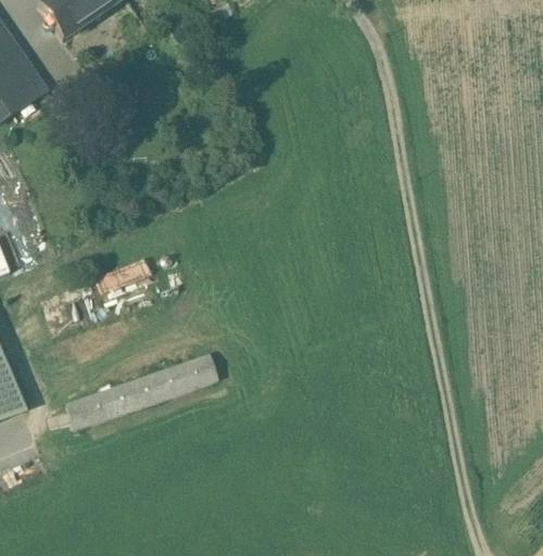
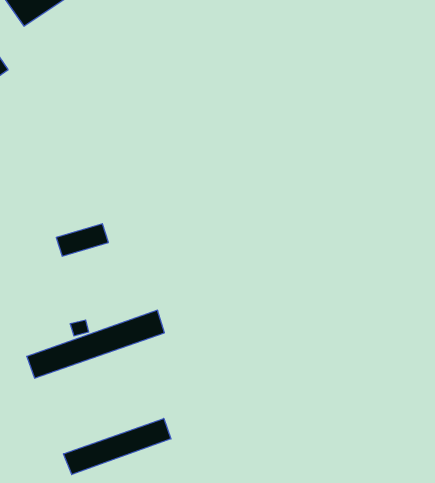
building: none -> [64,418,171,475]

